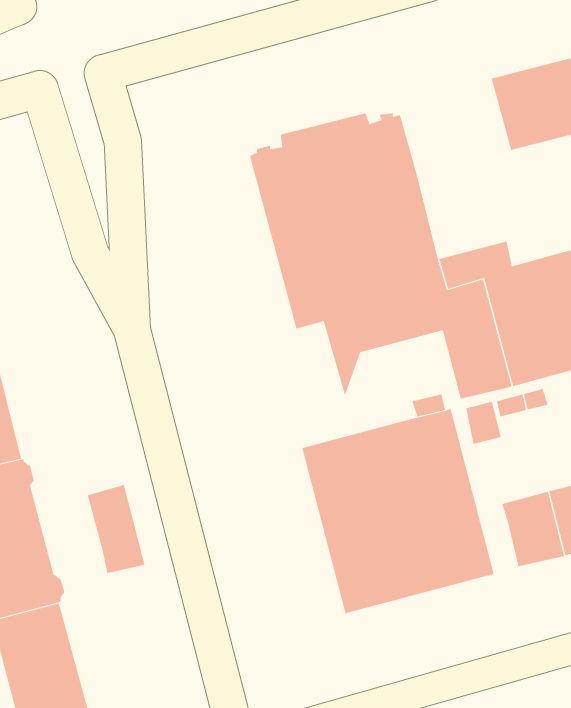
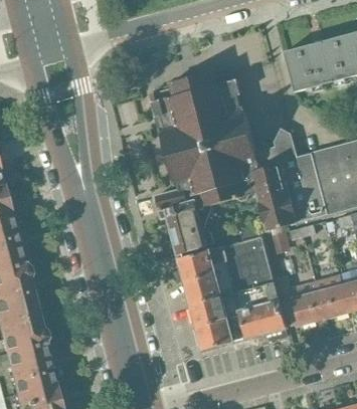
building: none -> [157,187,214,254]
building: [87,484,145,574] -> none

